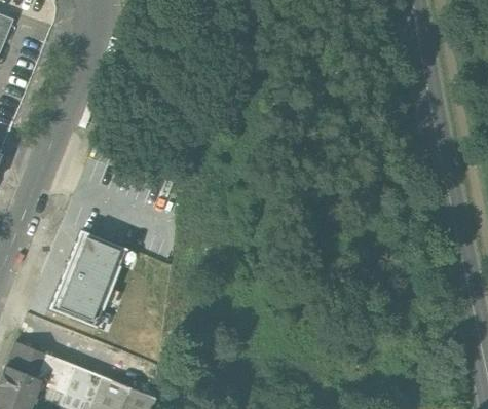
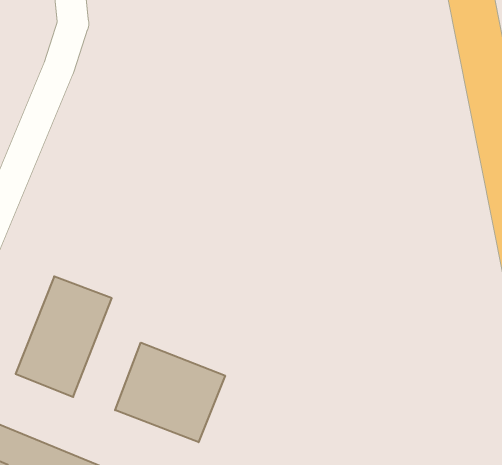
building: none -> [115,343,225,442]

